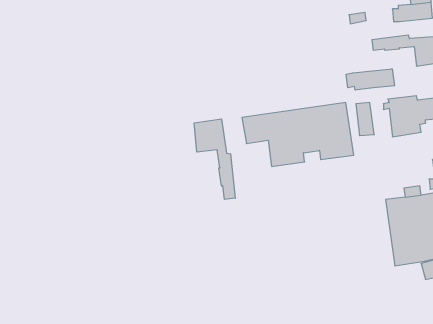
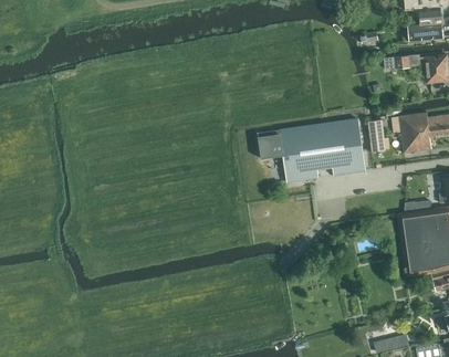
building: [346,69,395,90] -> none
building: [194,119,235,199] -> none

